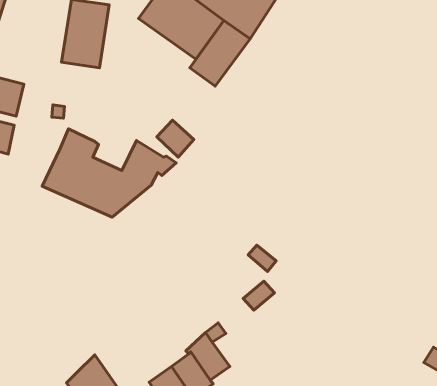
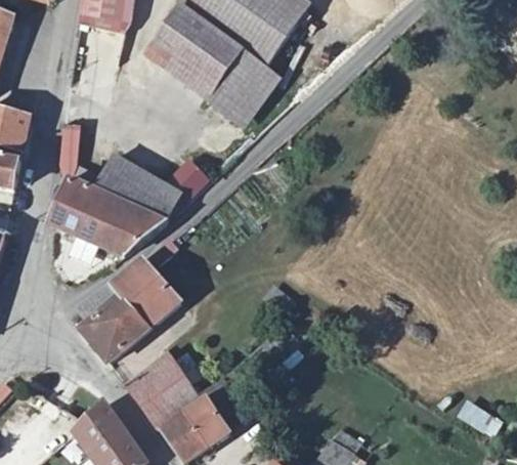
building: none -> [102,156,148,207]
building: none -> [79,238,180,362]
building: none -> [127,355,199,426]

